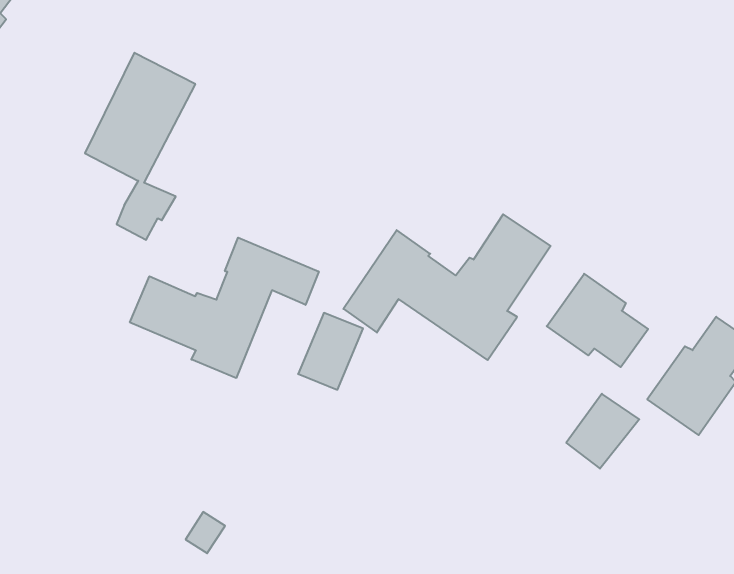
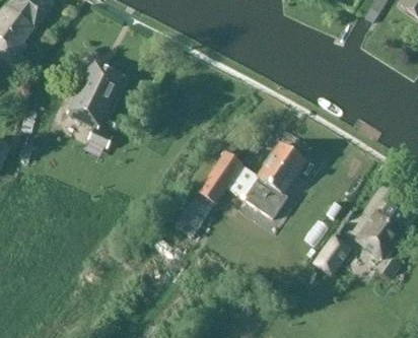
building: [130,238,319,378] -> none
building: [547,274,648,367] -> none

